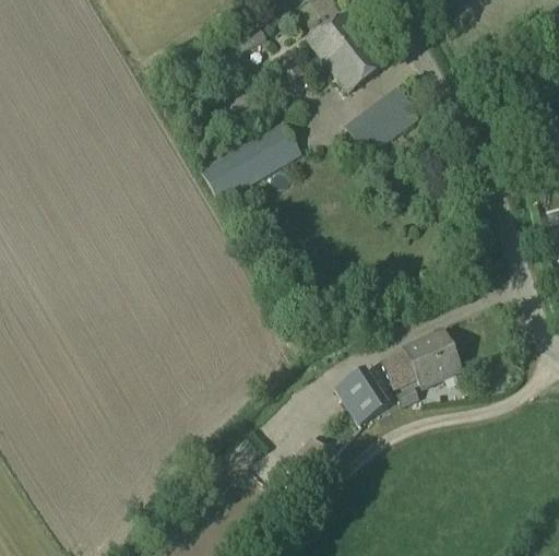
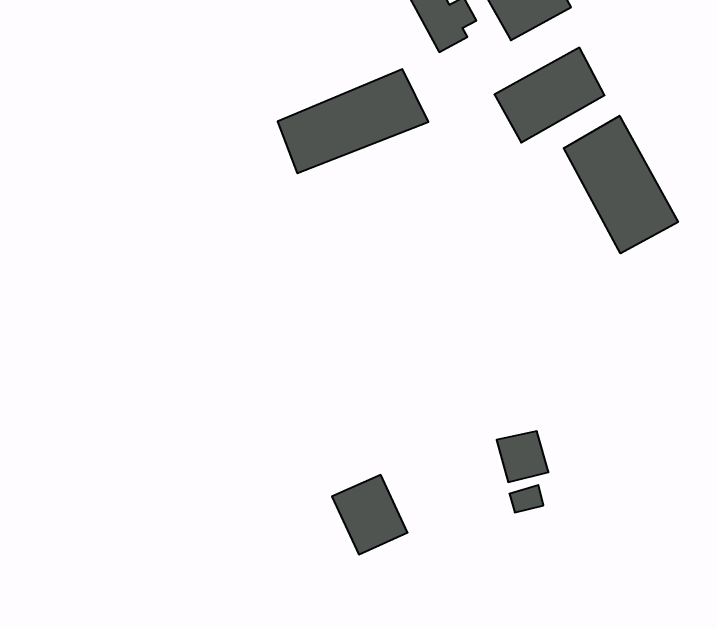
building: none -> [564,116,678,253]
building: [407,332,461,387] -> none
building: [334,368,389,424] -> [332,475,408,554]

